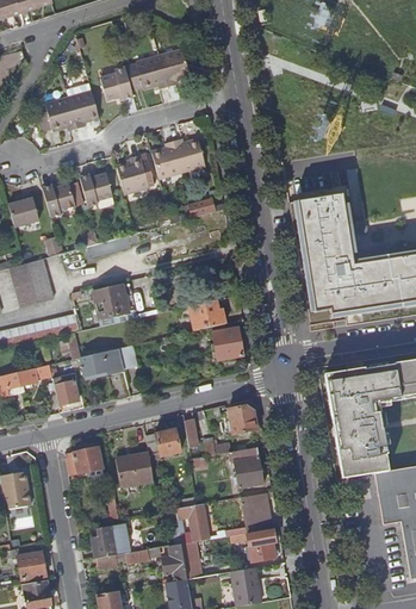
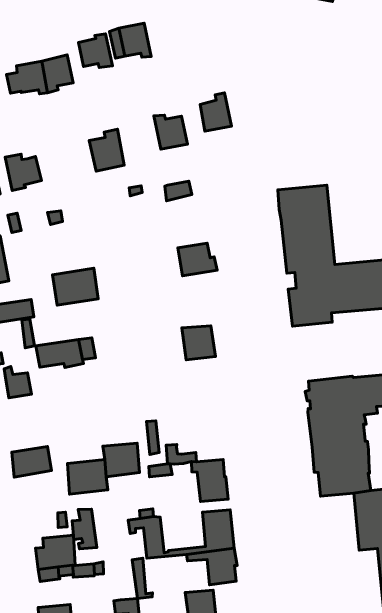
building: [159,50,190,87] -> none
building: [151,141,181,176] -> [200,93,232,131]
building: [79,173,113,206] -> none
building: [188,299,225,330] -> [178,243,217,276]
building: [229,405,256,434] -> none
building: [163,545,187,582] -> [72,509,97,549]

